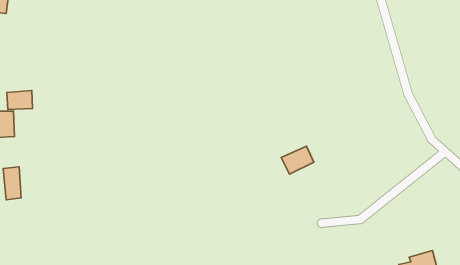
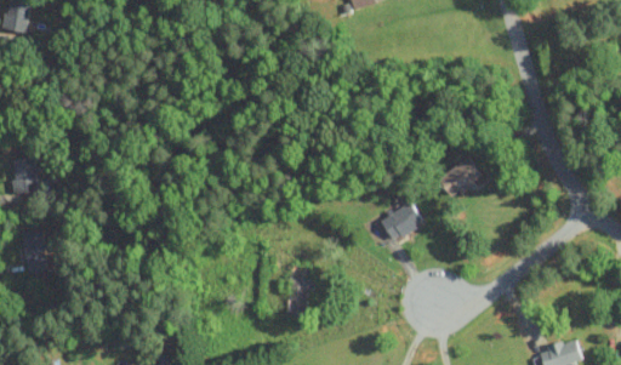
building: [7,90,32,109] -> none
building: none -> [438,158,483,199]

